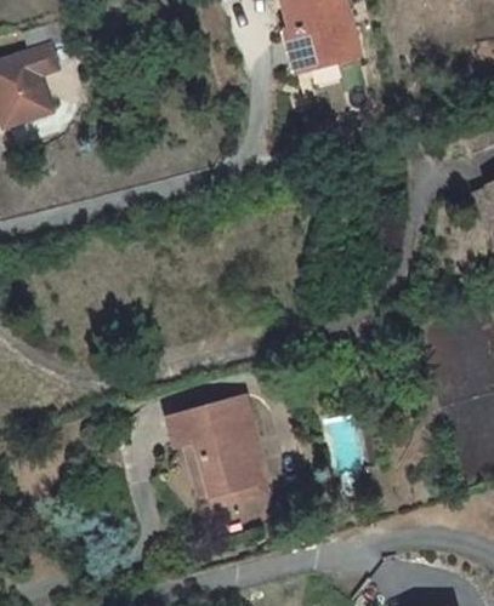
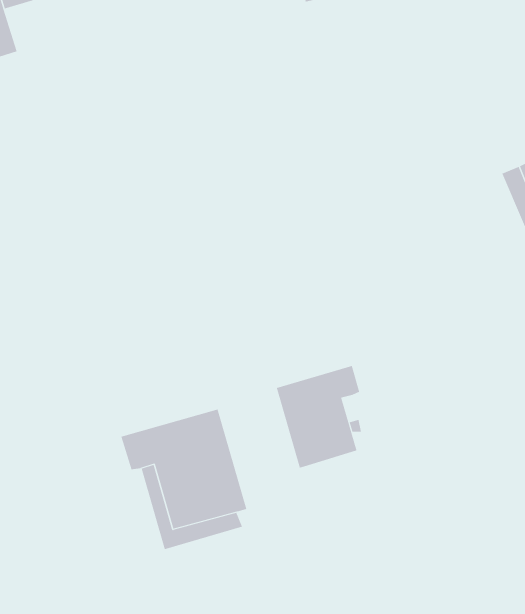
building: none -> [276,365,360,468]

